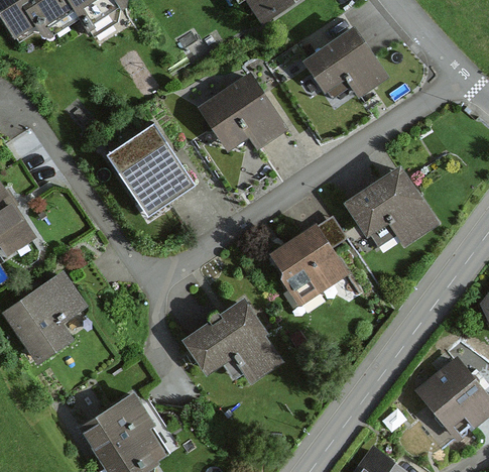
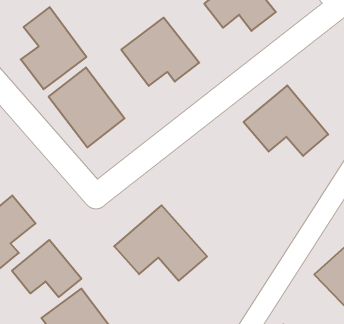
building: none -> [21,7,86,89]
building: [272,222,353,304] -> none
building: none -> [12,240,81,297]

